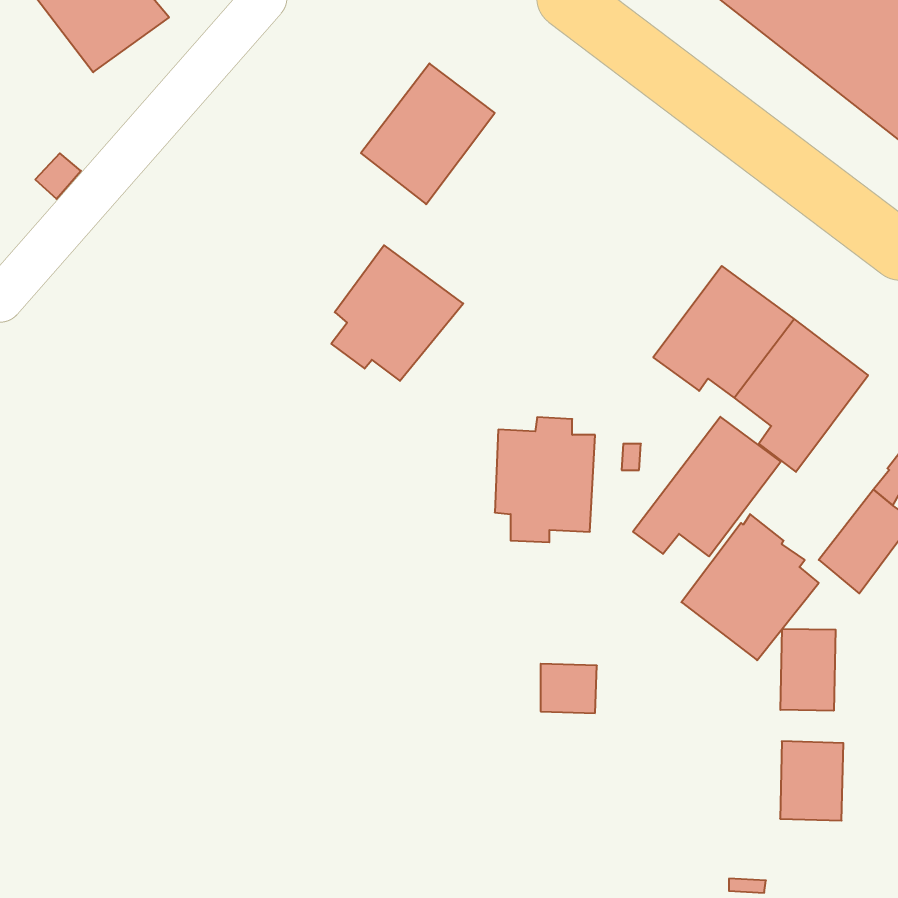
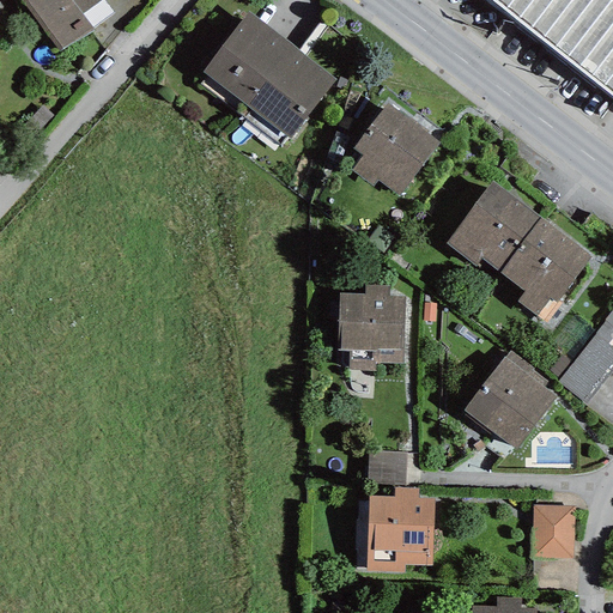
building: none -> [202,11,293,104]
building: [331,245,463,381] -> [352,102,442,194]
building: [633,417,781,556] -> none
building: [780,629,836,711] -> none
building: none -> [366,487,435,572]

